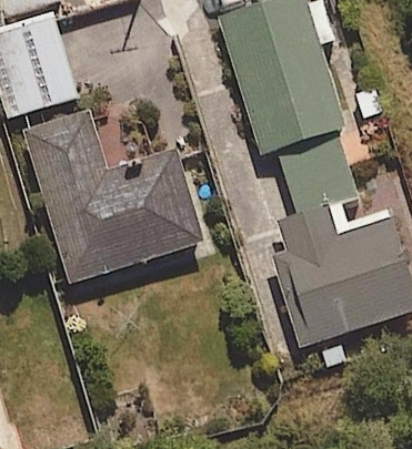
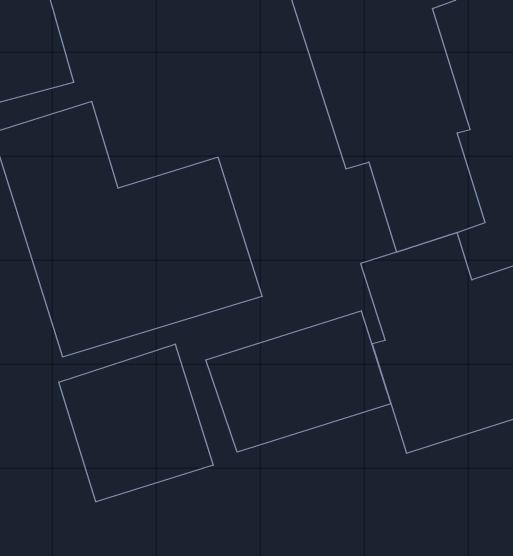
building: none -> [206,311,391,452]
building: none -> [59,344,213,502]

